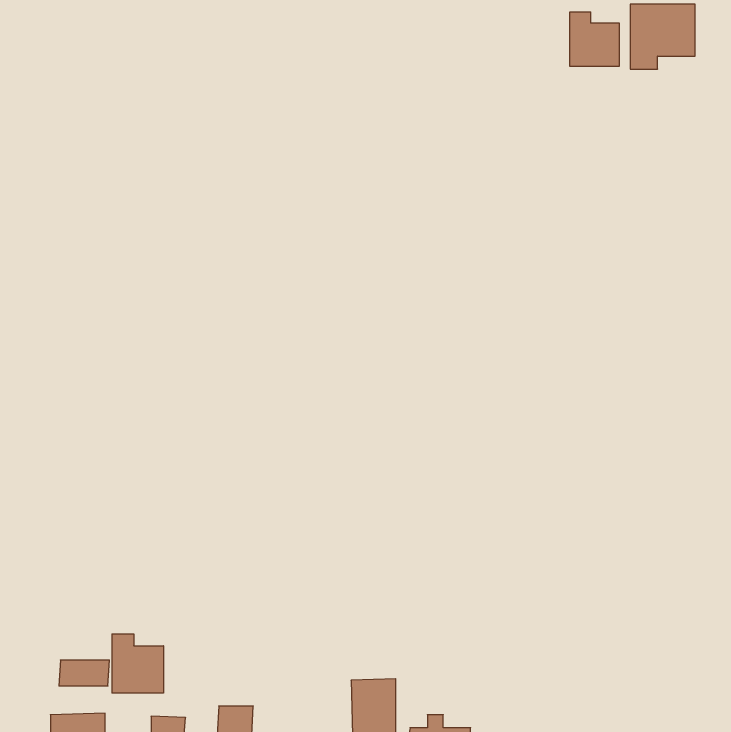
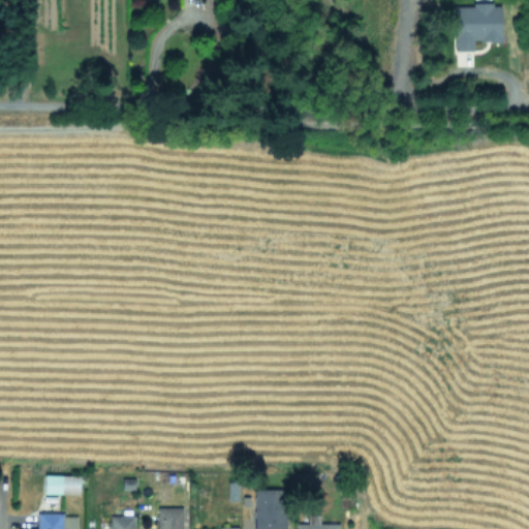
building: [570,12,619,66] -> none
building: [112,634,163,693] -> none

